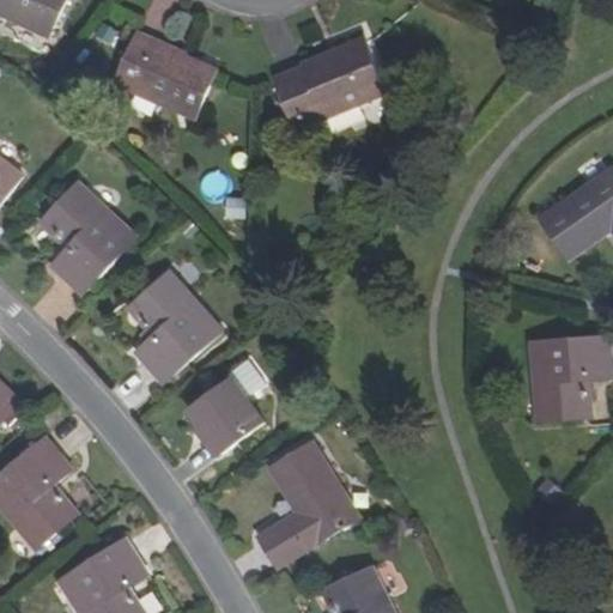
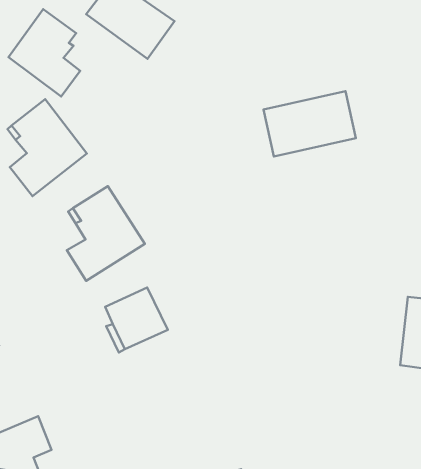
building: [273,43,383,131] -> [264,91,356,156]
building: none -> [8,9,80,96]
building: [256,442,353,568] -> none

